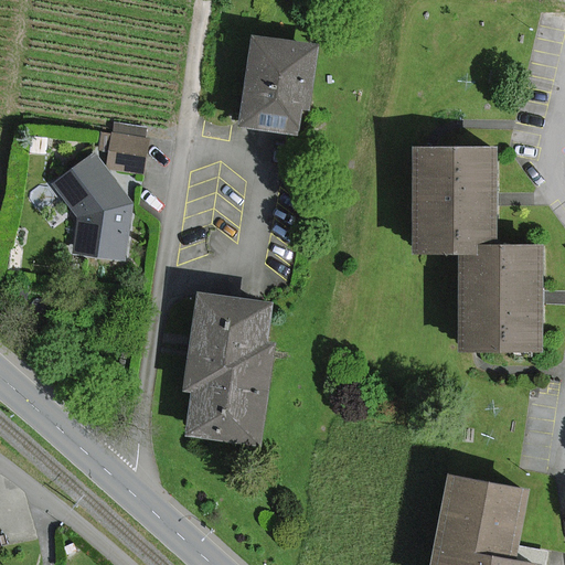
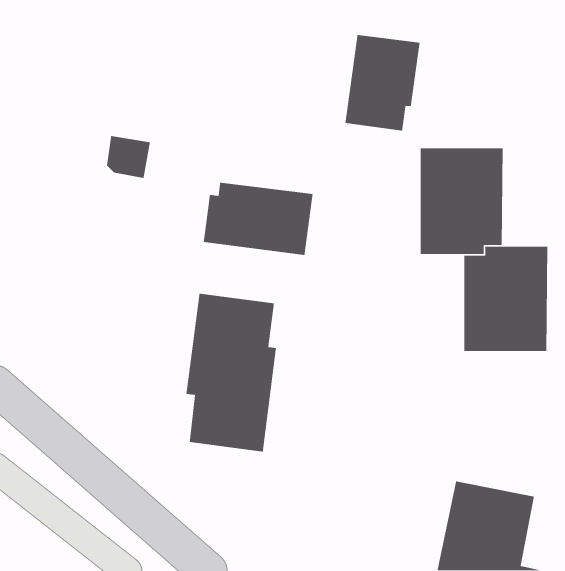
building: [239,35,315,131] -> [345,34,421,131]
building: [51,153,130,260] -> none
building: none -> [203,182,314,256]

